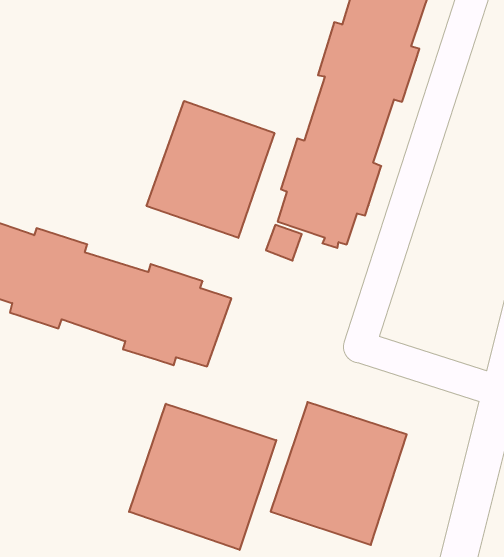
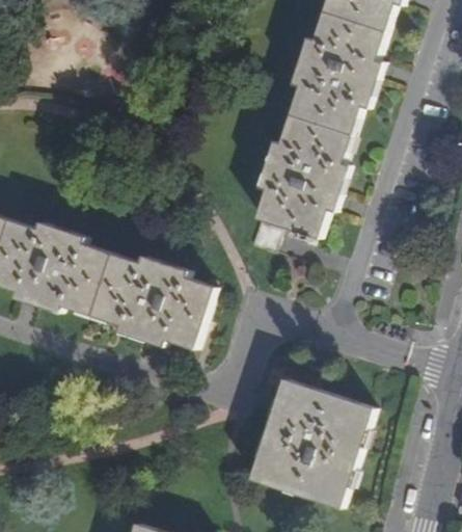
building: [147,101,274,238] -> none
building: [129,404,276,550] -> none

